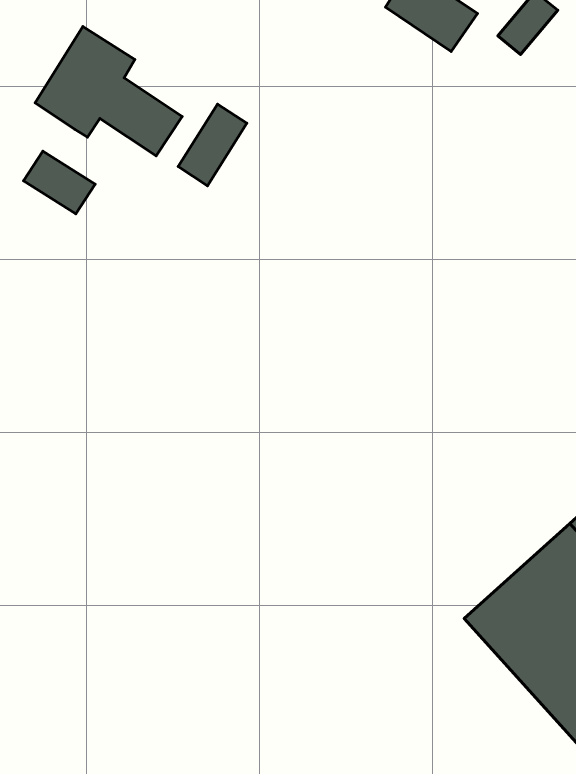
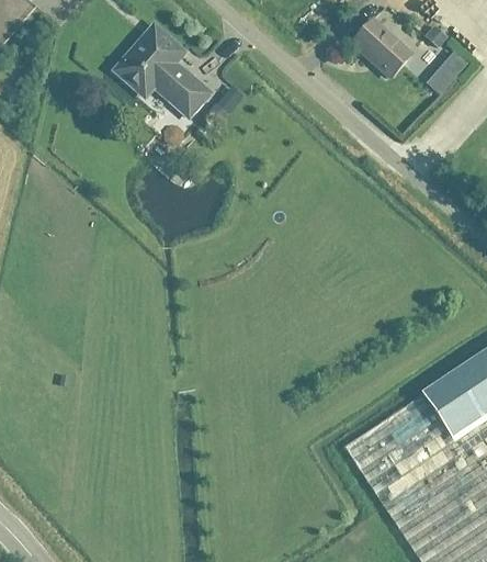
building: [178,104,247,186] -> none
building: [23,151,95,214] -> none

